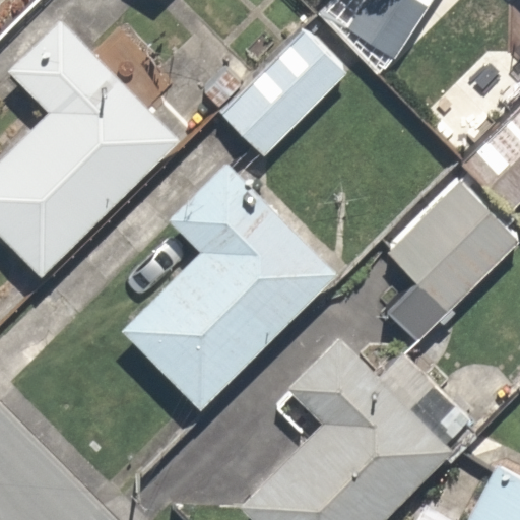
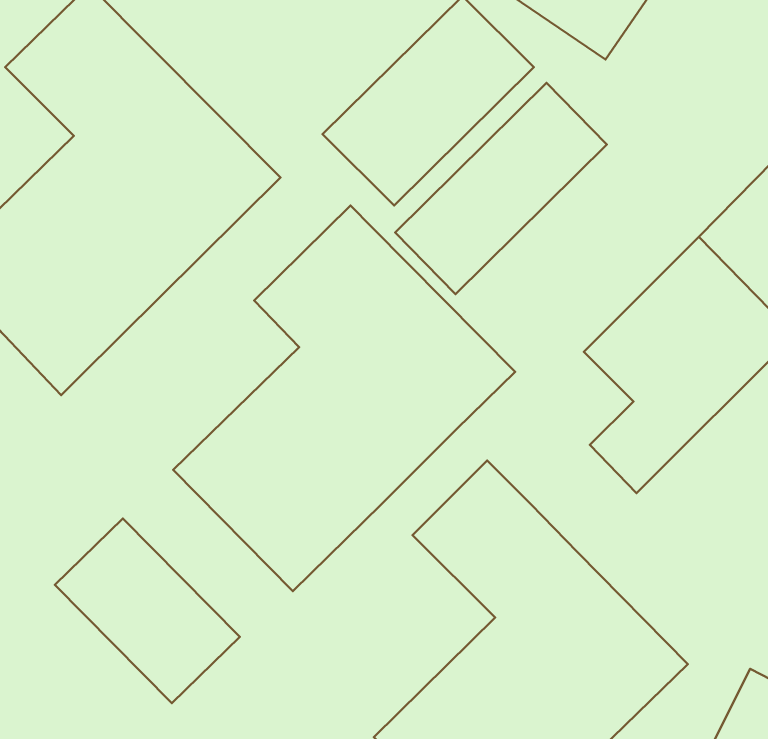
building: none -> [395,83,607,294]
building: none -> [55,518,240,703]

